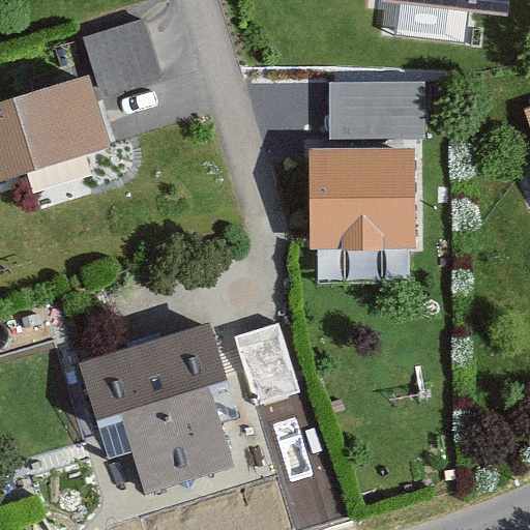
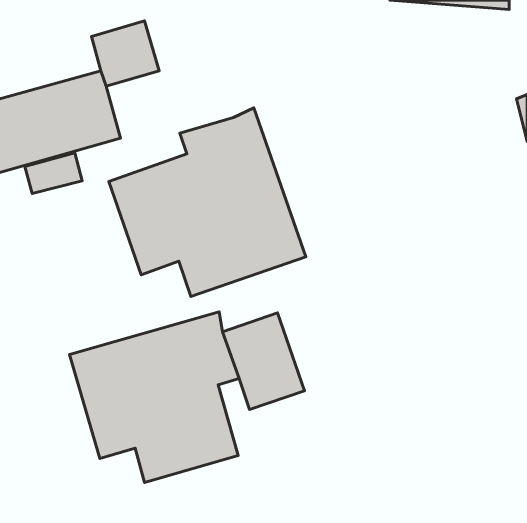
building: [303,95,416,252] -> none
building: none -> [109,108,306,297]

